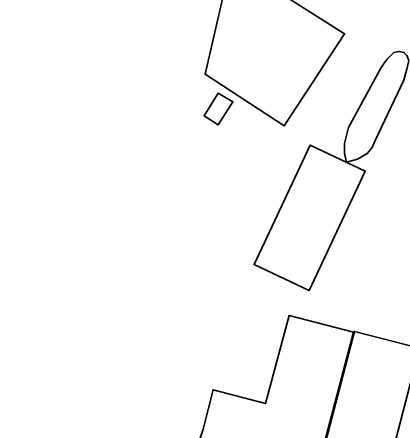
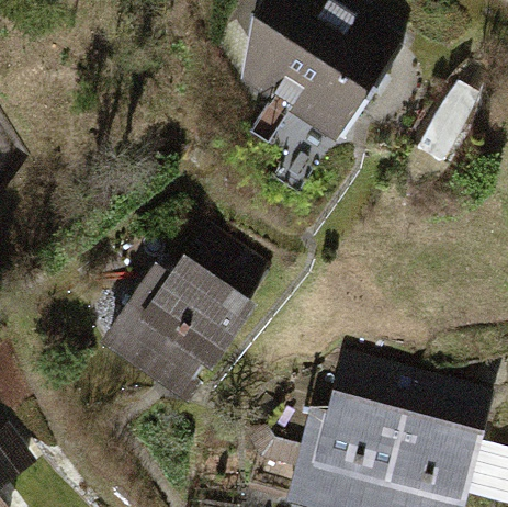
building: [254,145,365,291] -> none
building: none -> [105,235,261,397]

